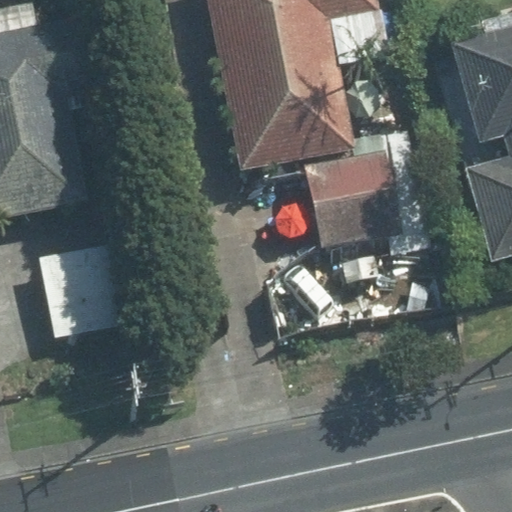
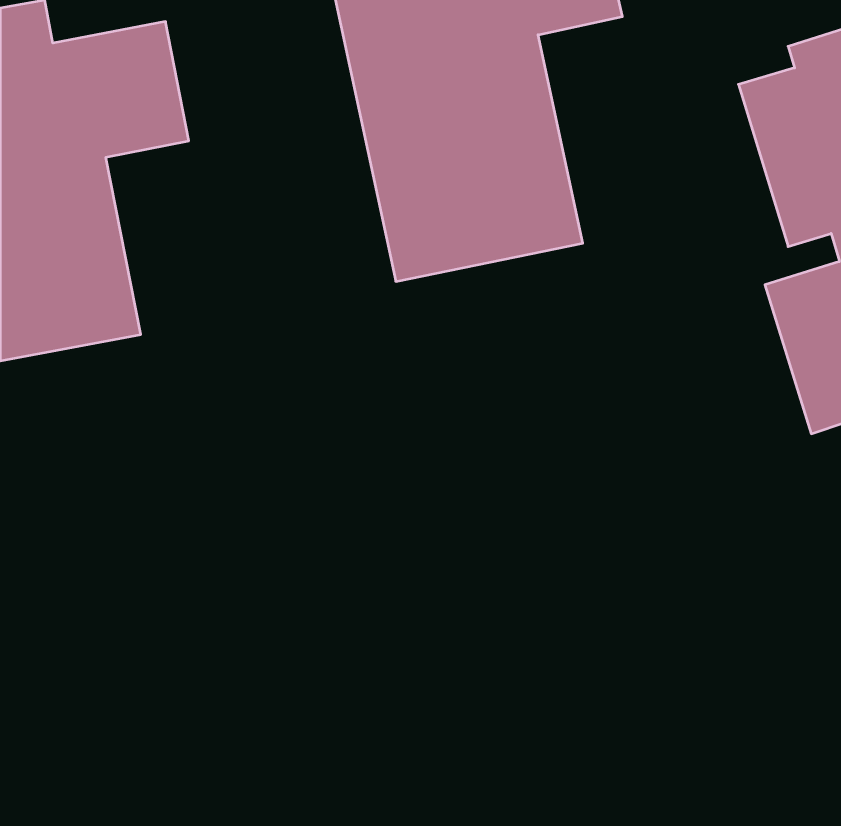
building: [302,149,400,247] -> none
building: [37,238,136,336] -> none

